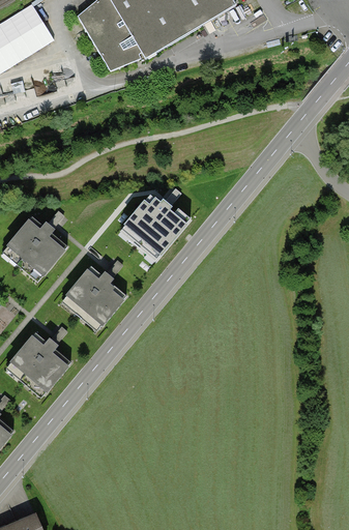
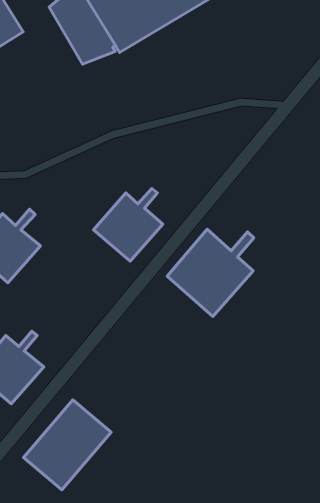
building: none -> [167,229,254,316]
building: [61,261,127,330] -> none
building: none -> [23,400,111,490]

